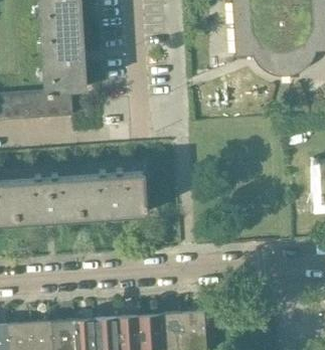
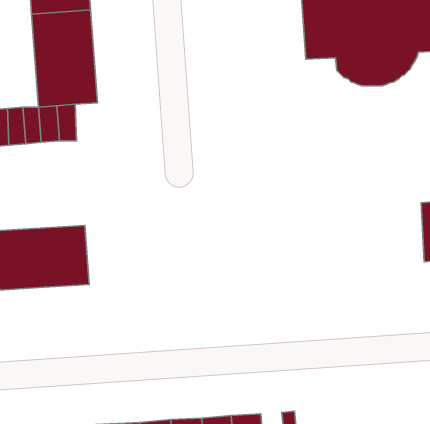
building: [77,171,147,218] -> none

